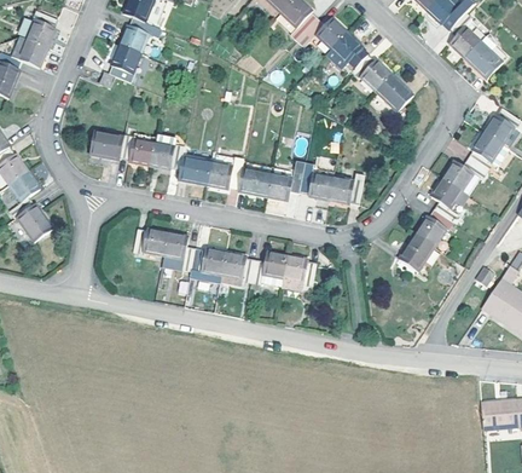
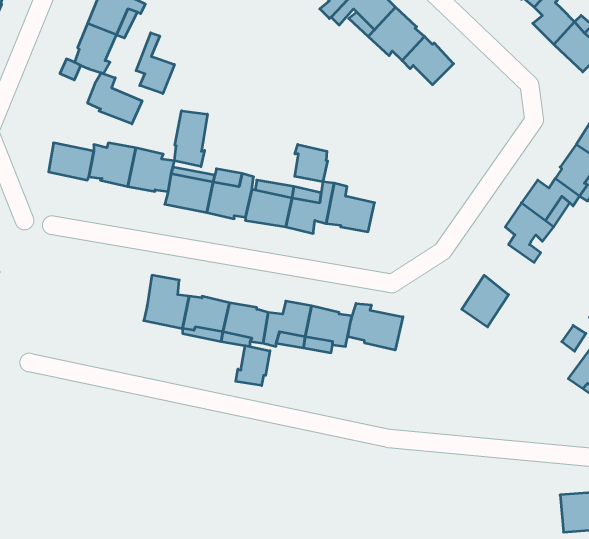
building: none -> [136,33,174,94]
building: [377,74,414,111] -> none
building: none -> [88,73,142,124]
building: none -> [174,111,207,167]
building: none -> [295,144,328,182]
building: [329,173,365,204] -> none
building: [416,209,453,247] -> none
building: [132,227,167,255] -> none
building: none -> [348,303,403,350]
building: none -> [236,346,270,386]

